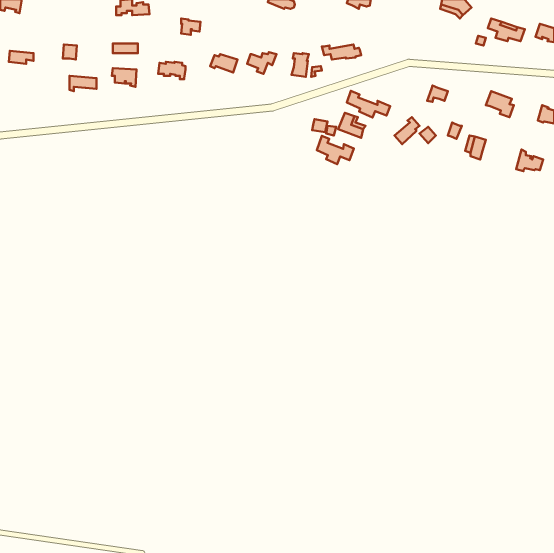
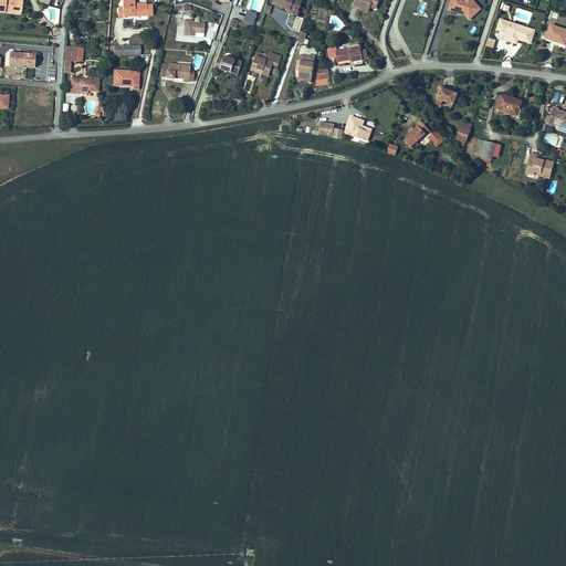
building: [347,91,390,118] -> none
building: [317,136,354,164] -> none

